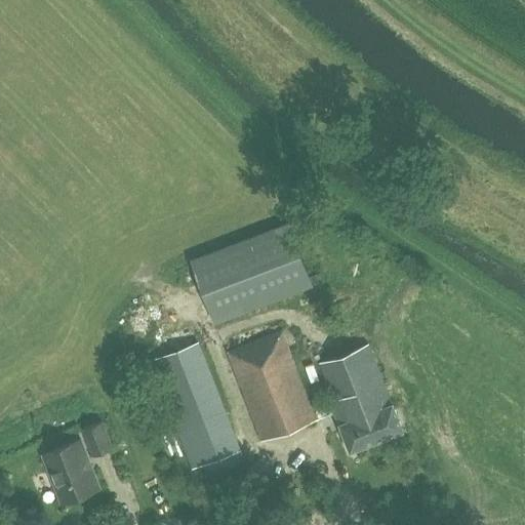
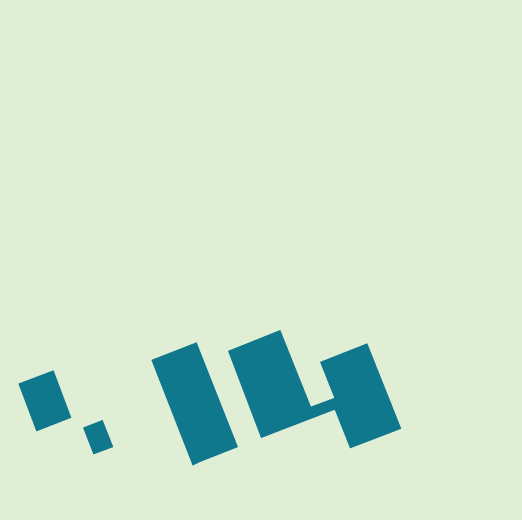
building: [189,224,313,325] -> none
building: [44,442,99,506] -> [17,369,72,432]

